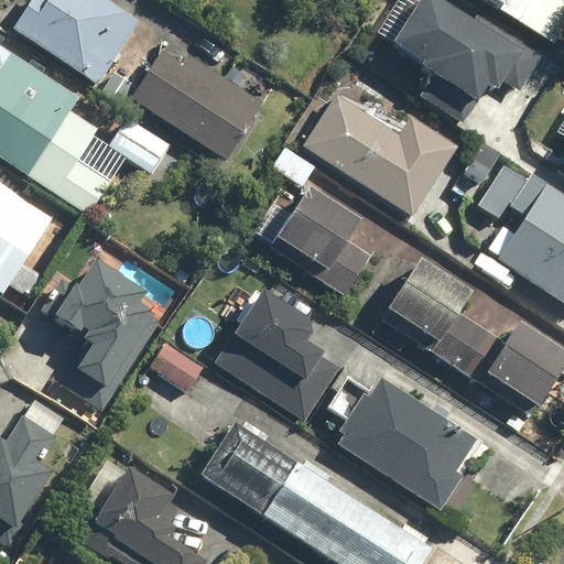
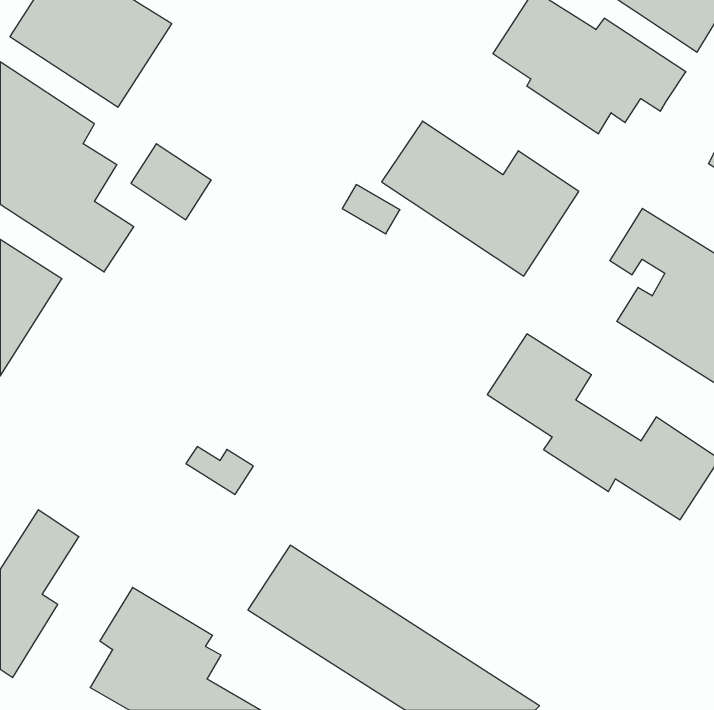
building: [129,50,265,160] -> none
building: [253,189,372,291] -> none
building: [39,262,151,401] -> none
building: [215,289,340,416] -> none
building: [337,379,473,508] -> none

